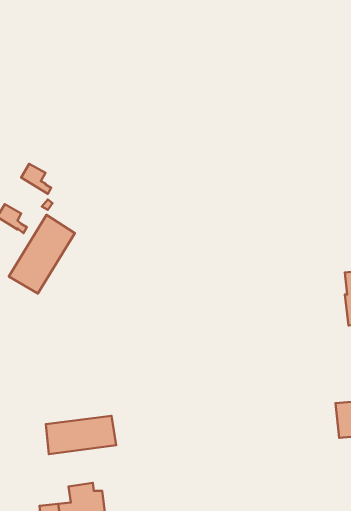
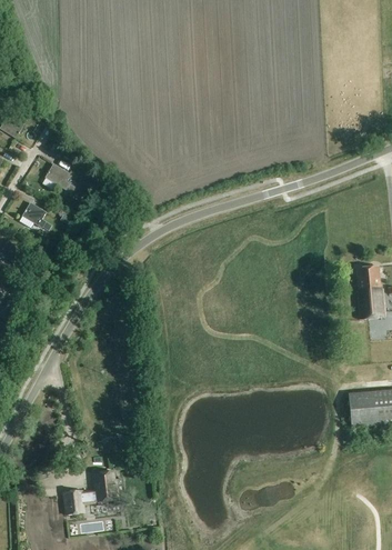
building: [9,215,75,294] -> none
building: [46,416,116,454] -> none

